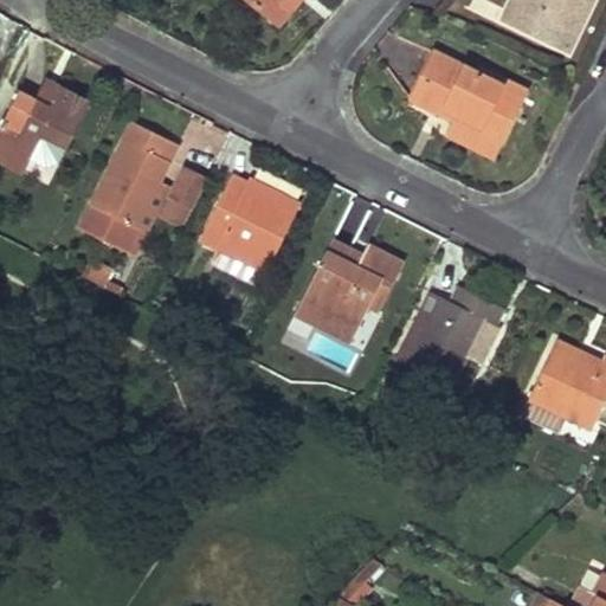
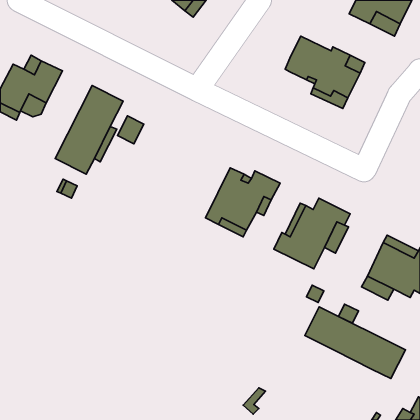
building: [202,178,297,270] -> none
building: none -> [305,307,405,379]

